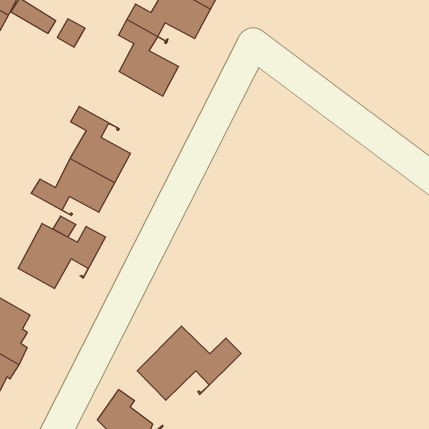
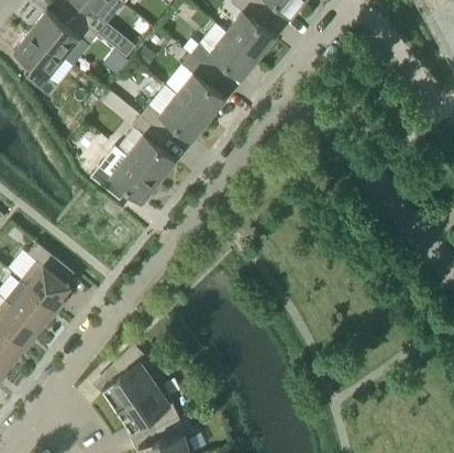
building: none -> [140,95,207,141]
building: [18,223,106,289] -> none
building: [137,326,241,400] -> none

